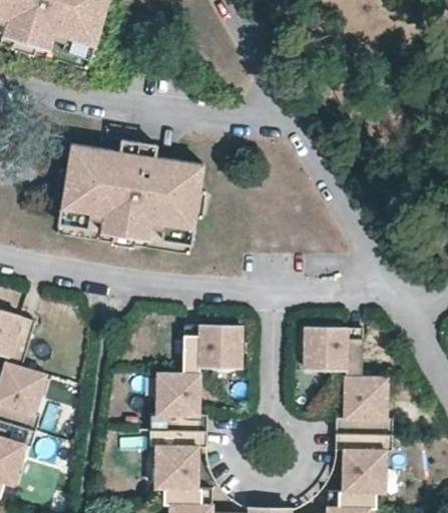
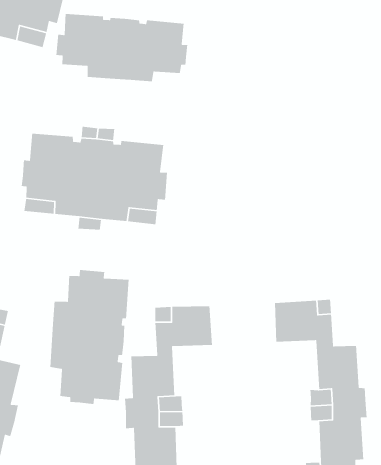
building: none -> [56,13,188,82]
building: none -> [49,269,130,405]

